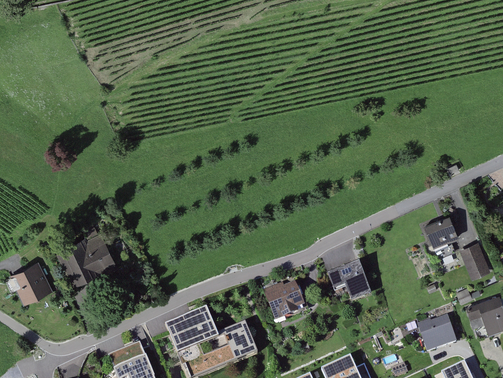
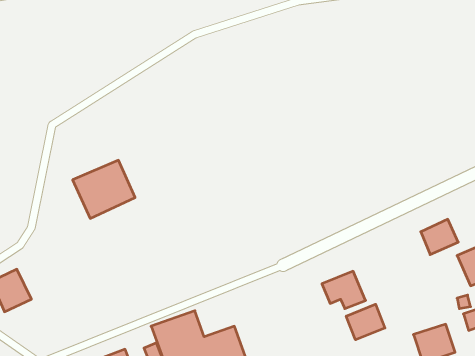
building: [56,233,116,289] -> [73,160,135,218]
building: [265,280,306,322] -> none
building: none -> [346,304,385,340]

